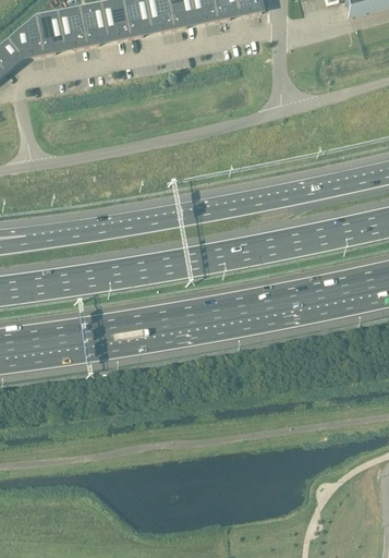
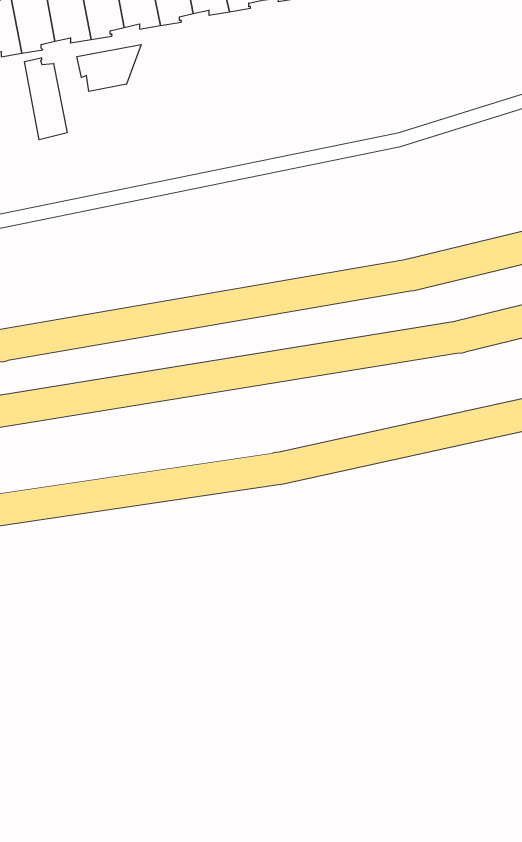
building: none -> [77,45,141,91]
building: none -> [24,58,67,140]

